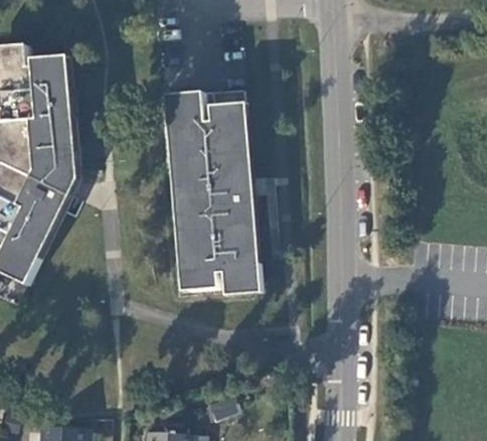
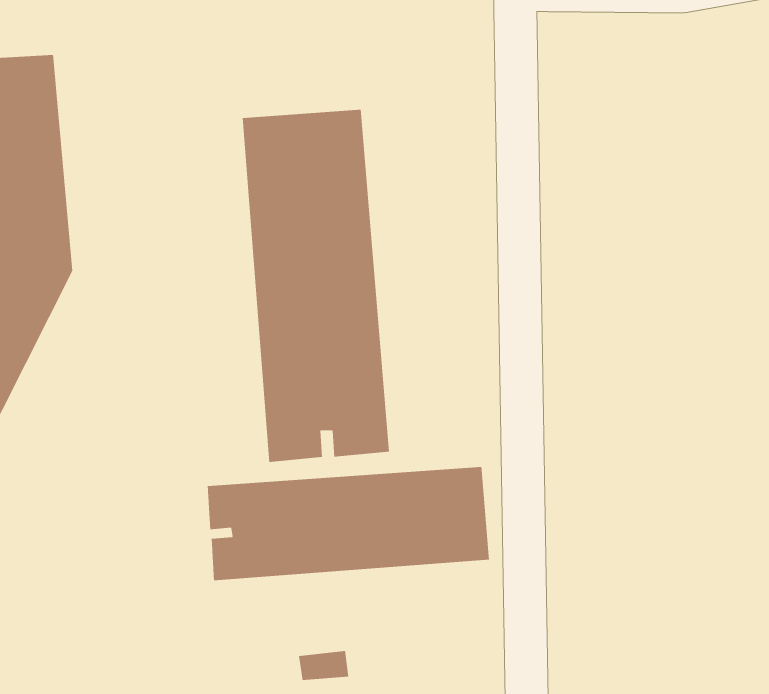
building: none -> [207,466,489,581]

